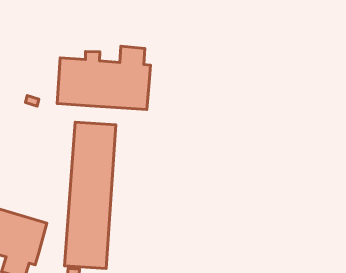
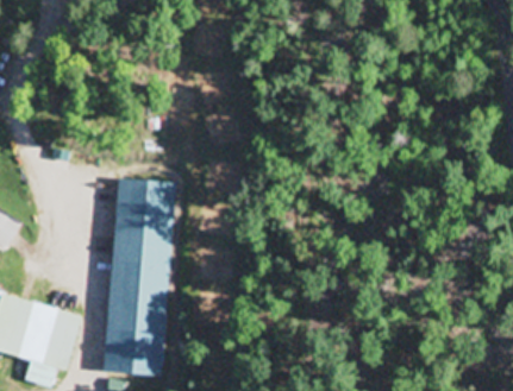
building: [57,46,150,110] -> none

